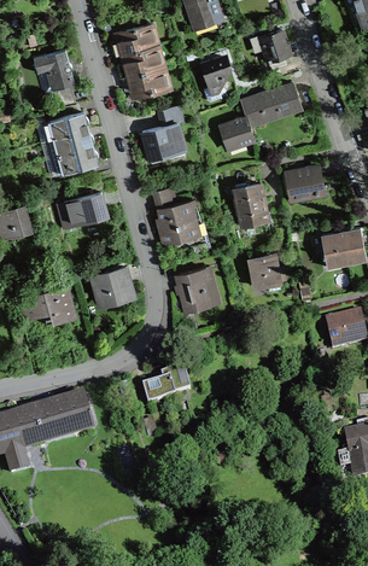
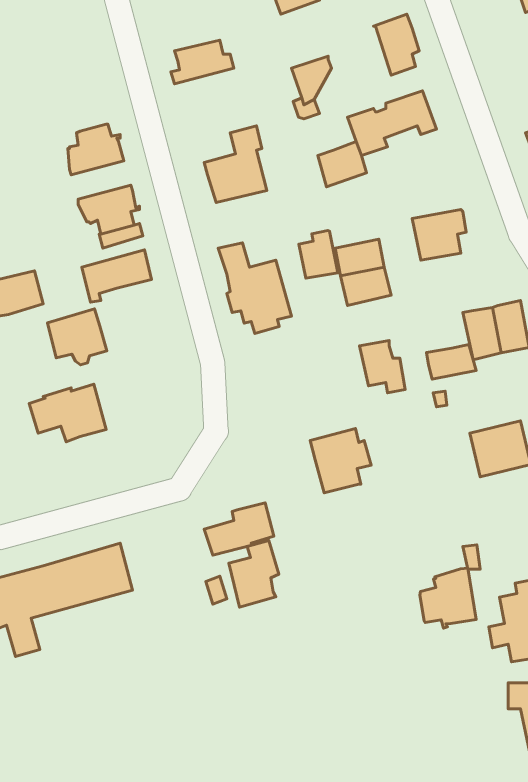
building: [113,24,157,57] -> none
building: [34,49,75,110] -> none
building: [122,66,165,98] -> none
building: [51,130,92,157] -> none
building: none -> [299,230,338,278]
building: none -> [426,345,476,379]
building: [93,267,134,305] -> [47,309,107,365]
building: [175,267,217,311] -> [310,428,371,493]
building: none -> [229,541,279,607]
building: none -> [420,568,476,628]

